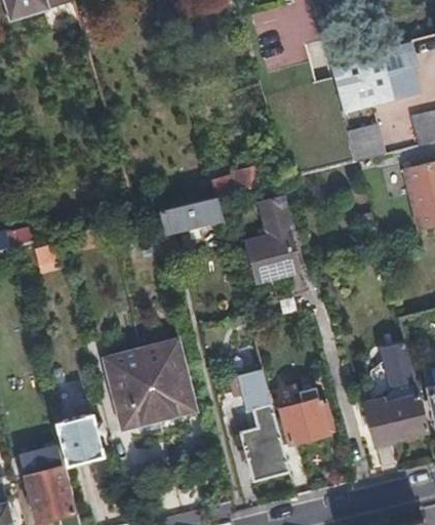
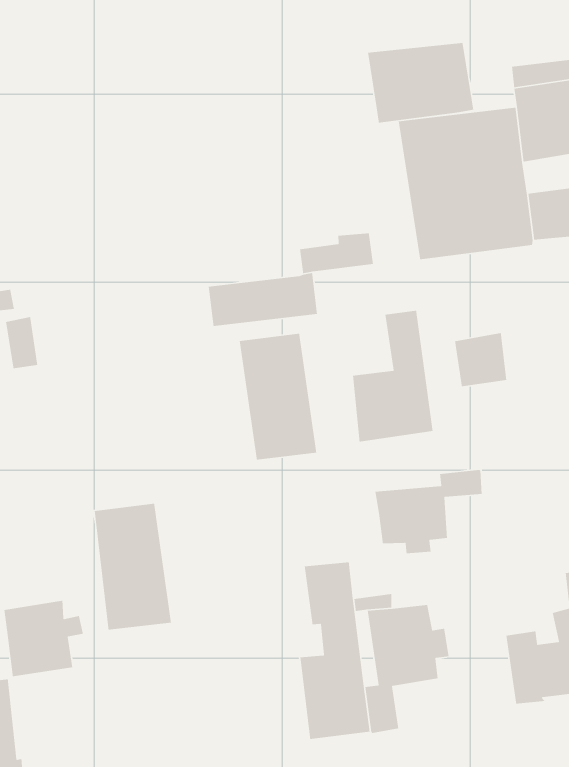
building: none -> [367,42,474,123]
building: none -> [454,332,507,387]
building: none -> [375,469,483,554]
building: [140,338,196,420] -> [239,333,317,461]

